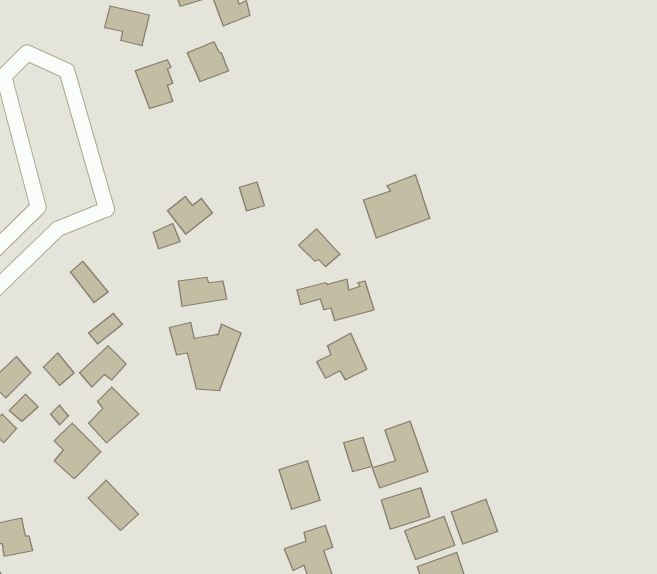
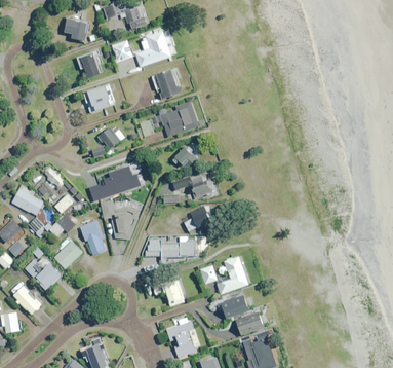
building: none -> [135,27,171,67]
building: none -> [152,69,181,99]
building: none -> [83,83,115,112]
building: [363,175,430,238] -> [160,101,198,137]
building: none -> [11,184,42,216]
building: none -> [79,220,105,255]
building: none -> [144,236,194,257]
building: [88,480,138,530] -> [12,285,41,314]
building: [451,499,497,544] -> none

